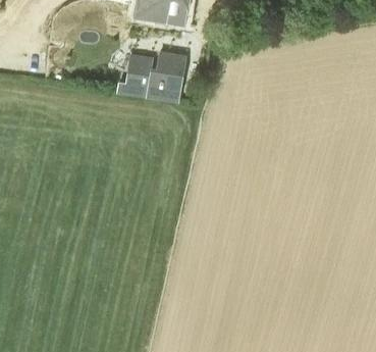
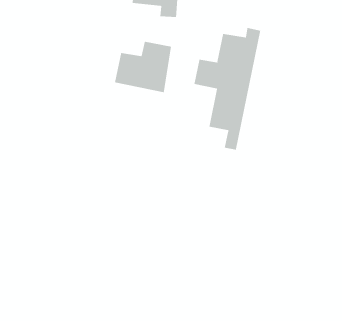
building: none -> [194,27,261,151]

